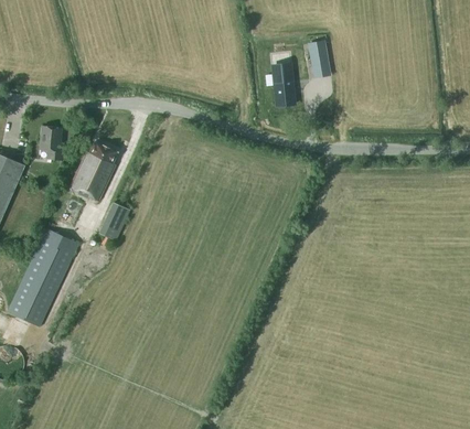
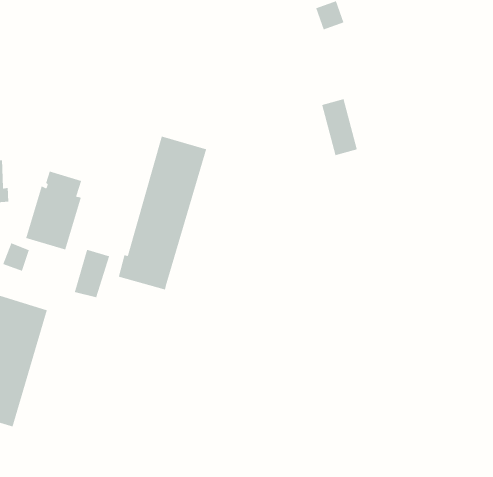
building: [273,64,295,106] -> [321,98,358,156]
building: none -> [118,136,207,290]

